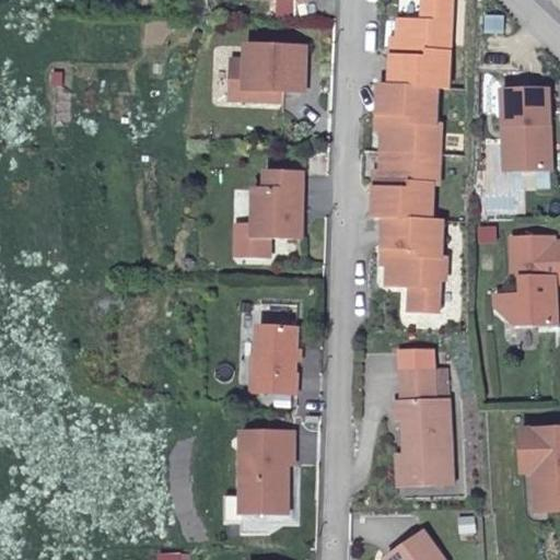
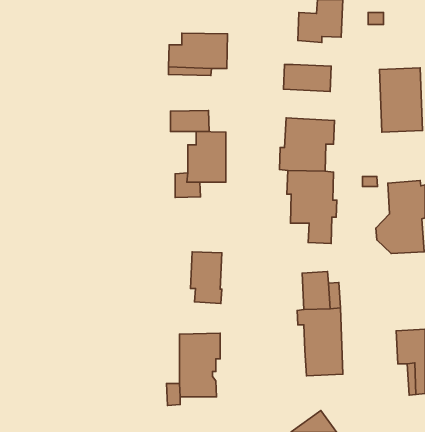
building: [387,47,450,85] -> none
building: [369,115,443,155] -> none
building: none -> [171,111,209,131]

